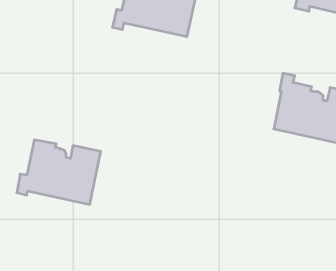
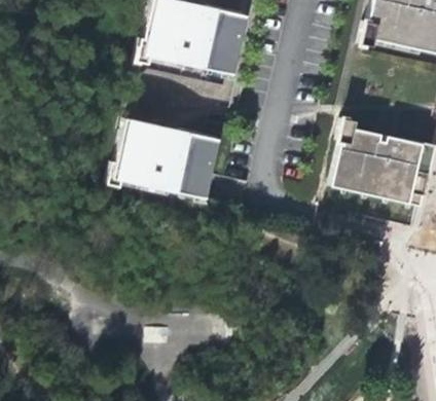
building: [17,140,101,204] -> [113,121,216,200]

